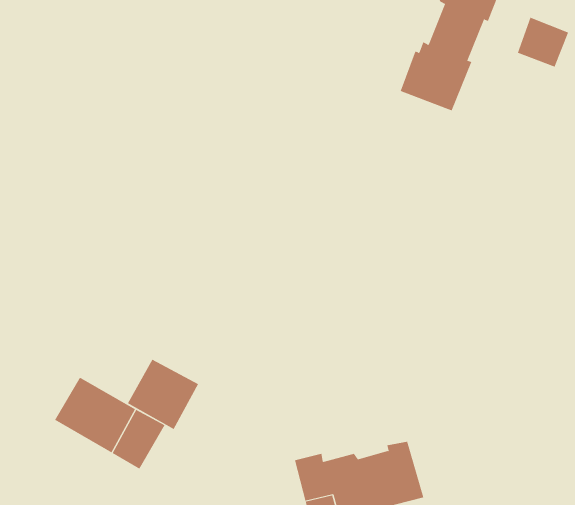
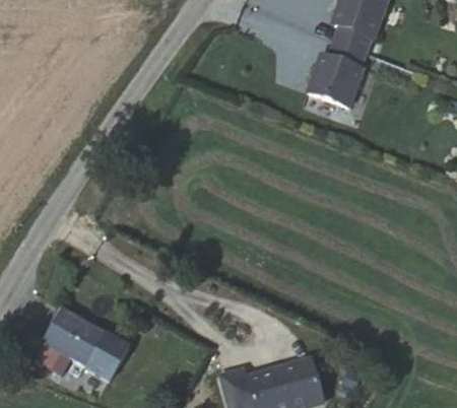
building: [517,17,569,67] -> none
building: [127,359,199,430] -> none

